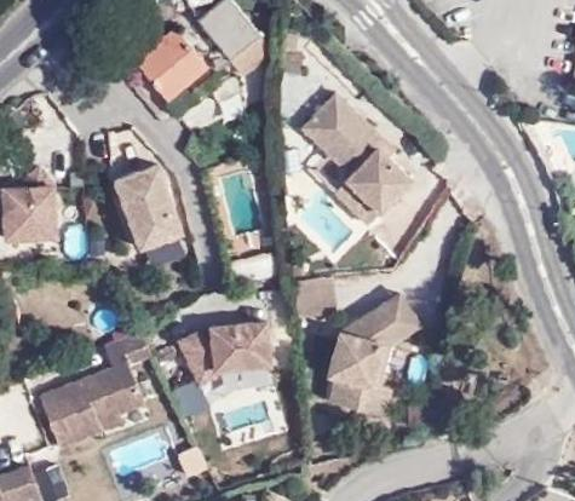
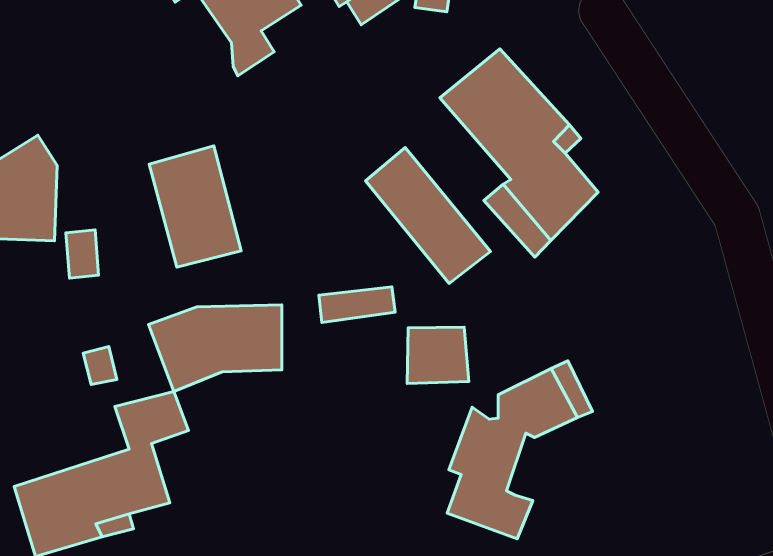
building: none -> [366,148,491,283]
building: [176,322,268,386] -> [149,305,282,391]

